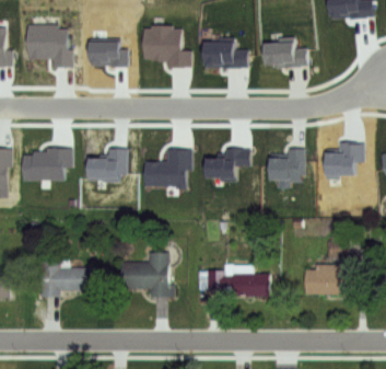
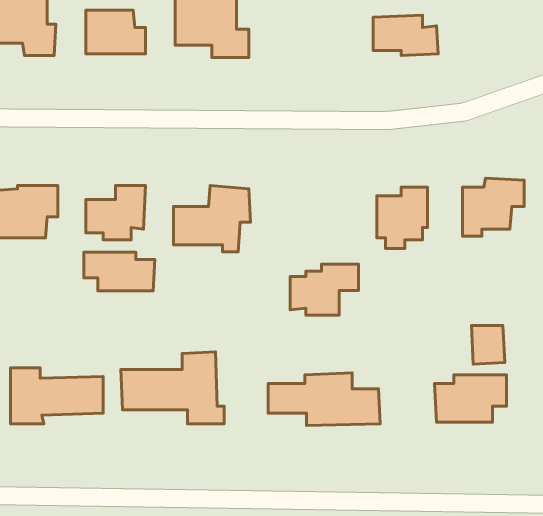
building: [207,43,247,68] -> none
building: [204,149,247,181] -> [290,264,358,315]
building: none -> [84,252,155,291]

